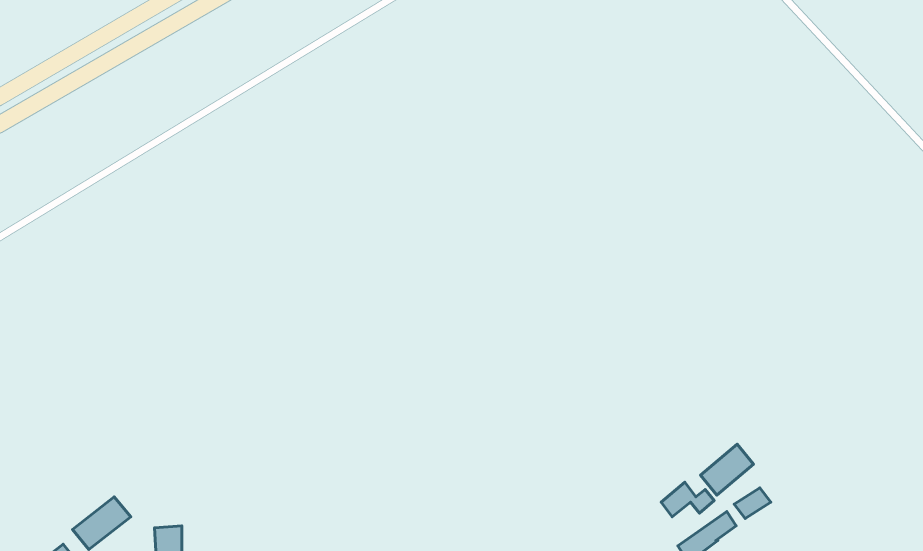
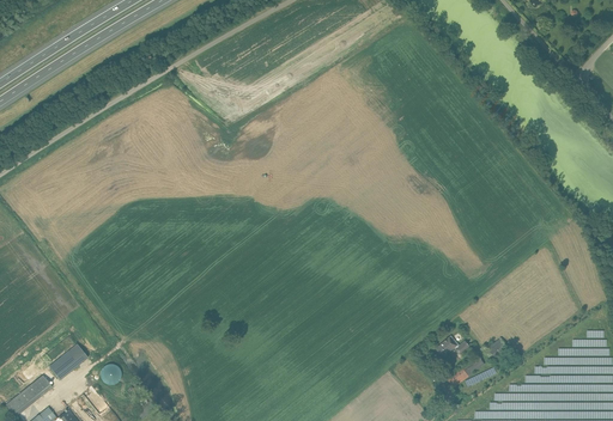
building: [700,444,754,495] -> none

